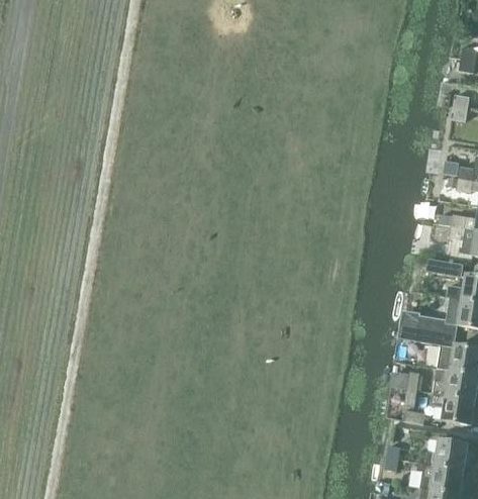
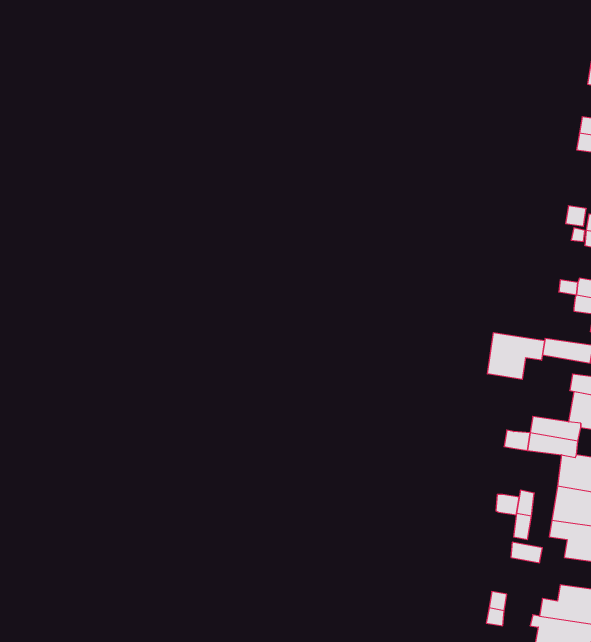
building: none -> [487,333,544,379]

